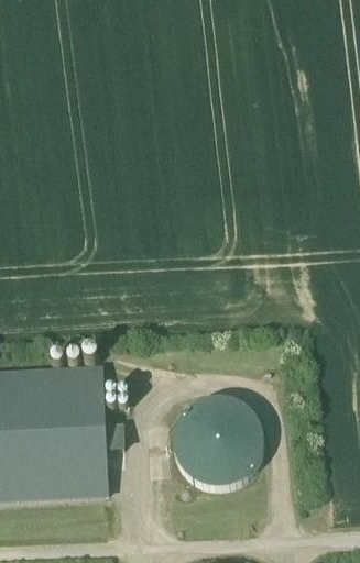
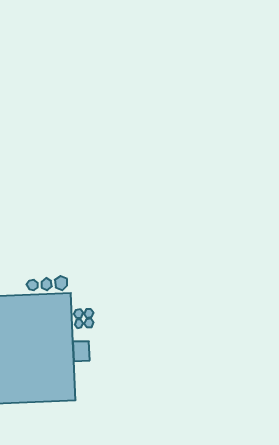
building: [172,398,262,487] -> none

